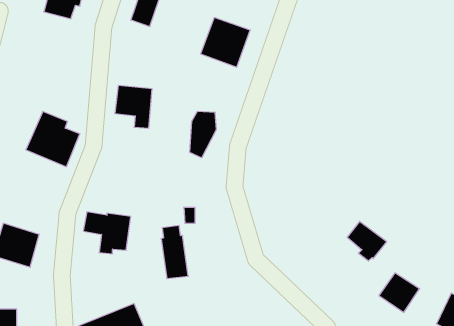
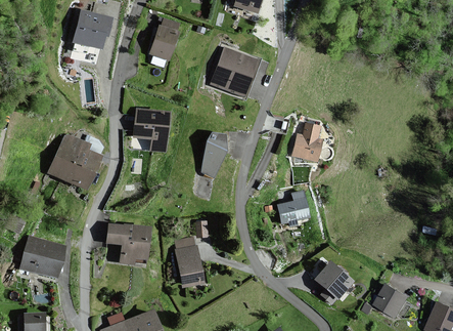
building: none -> [291,124,320,161]
building: none -> [277,192,307,222]
building: [347,221,387,261] -> [313,265,349,301]

